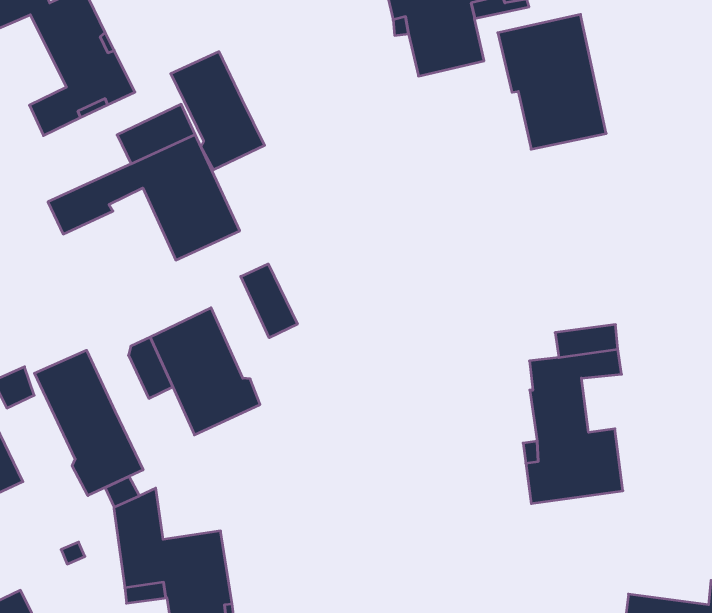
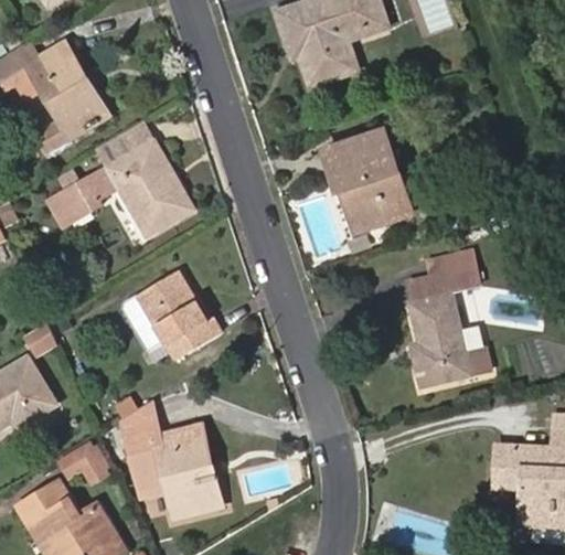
building: [498,14,606,149] -> [326,131,411,232]
building: [171,52,265,170] -> none
building: [241,264,297,338] -> none
building: [34,350,143,496] -> none

